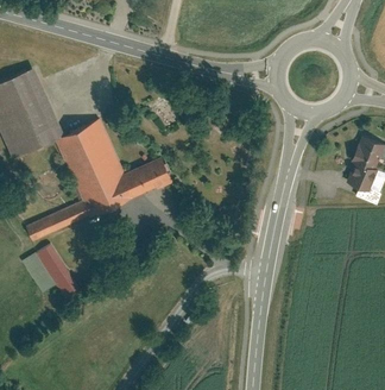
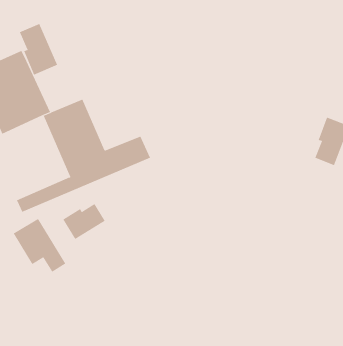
building: none -> [19,23,58,75]
building: none -> [62,203,106,240]

